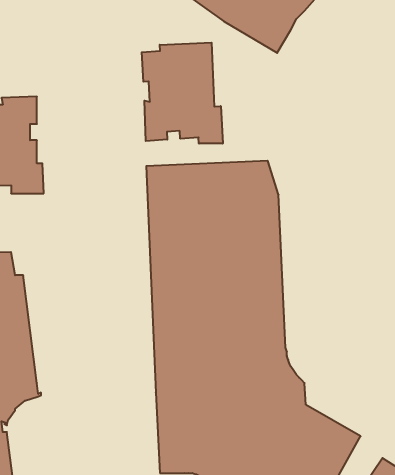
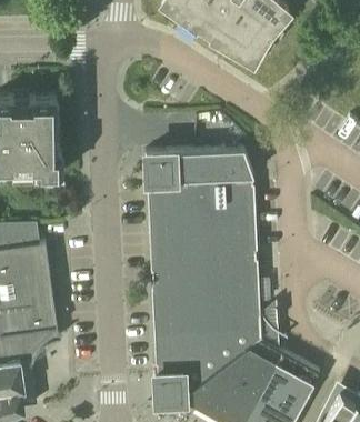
building: [142,43,223,144] -> none

